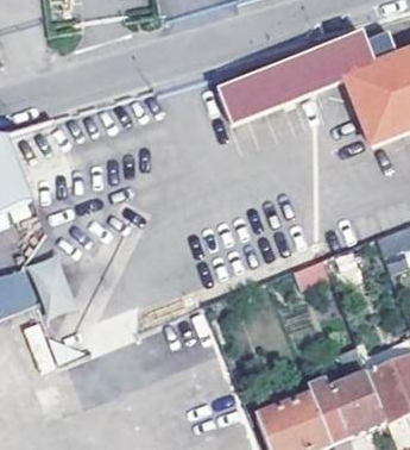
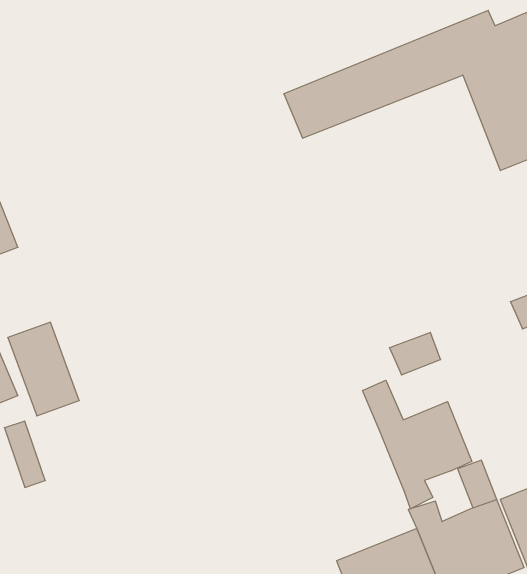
building: none -> [363,380,472,509]

